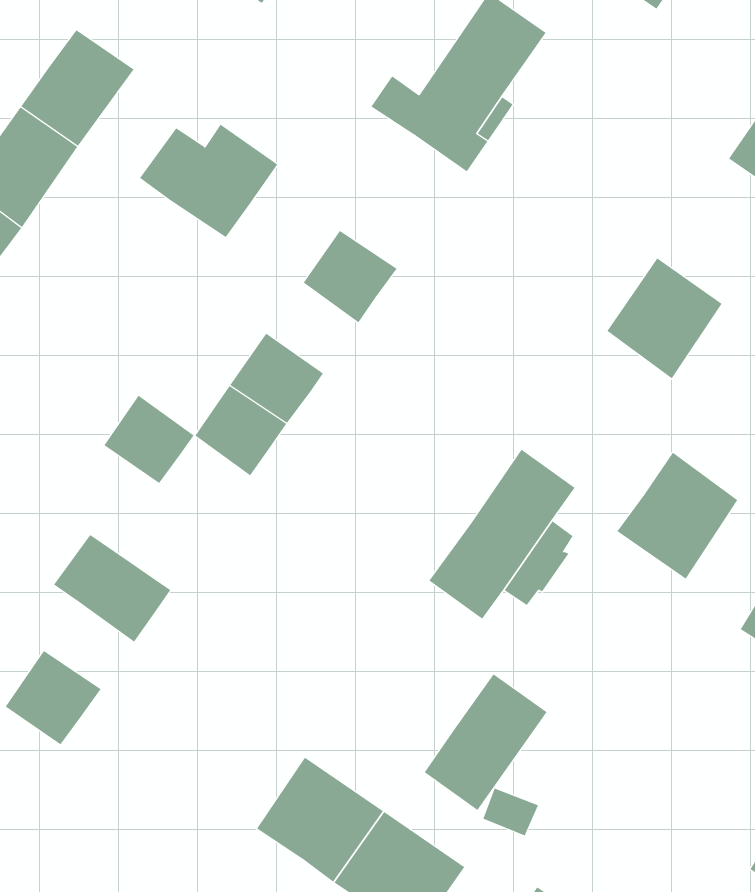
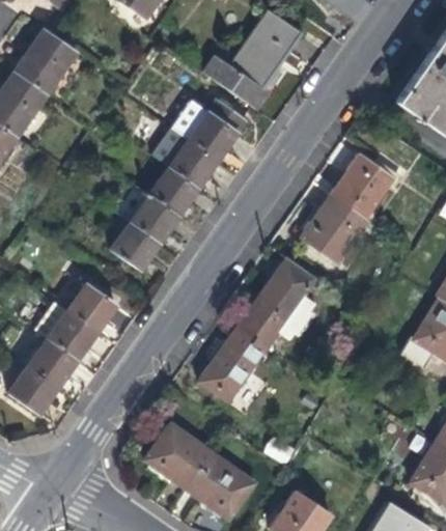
building: [139,124,278,238] -> [172,99,247,160]
building: none -> [148,167,198,216]
building: [103,395,194,484] -> [67,284,116,332]
building: [616,452,738,580] -> [301,193,366,261]
building: none -> [29,338,78,385]
building: [424,674,547,811] -> [198,327,264,400]

